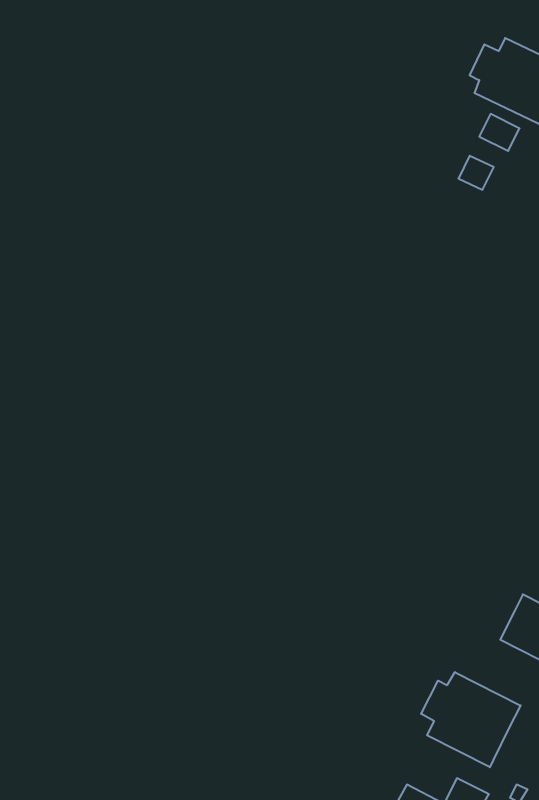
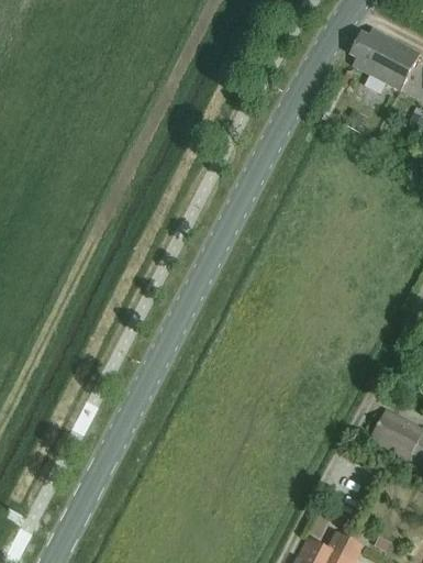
building: [421,672,521,767] -> none

